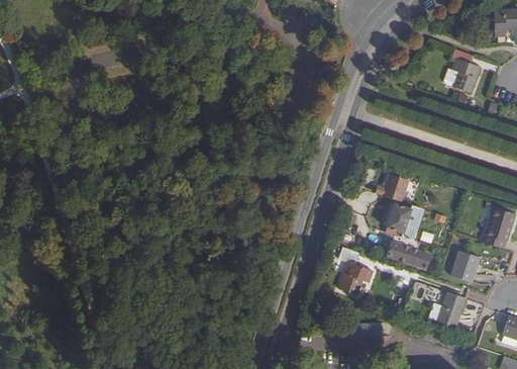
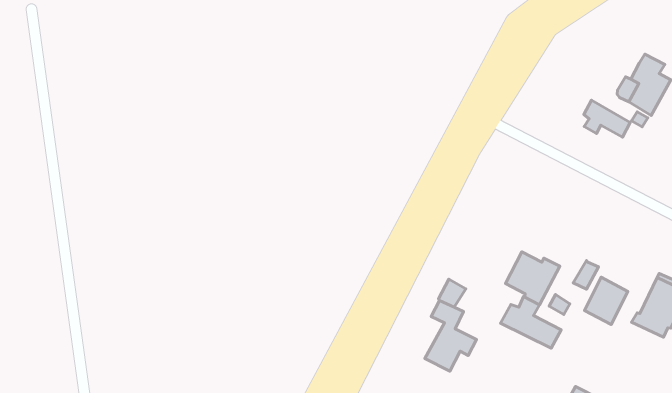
building: none -> [584,100,630,137]
building: [375,173,409,202] -> none
building: [451,251,480,283] -> [585,277,628,325]

